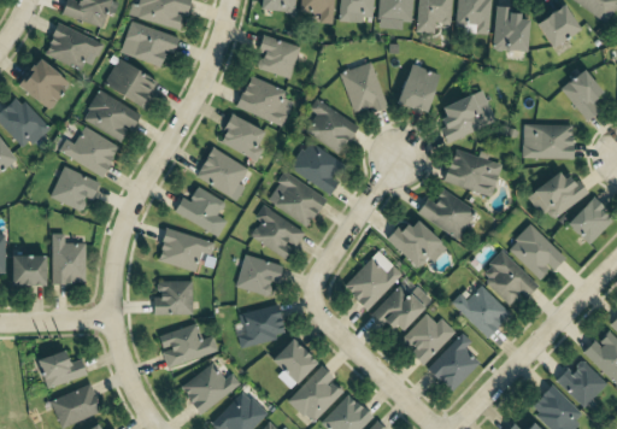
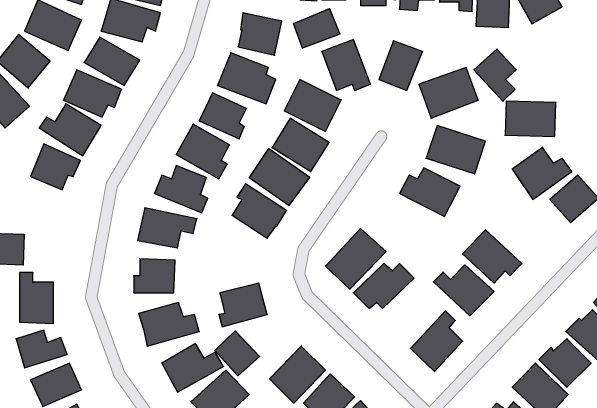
building: none -> [293,9,340,48]
building: [559,69,601,121] -> [474,49,516,101]
building: [389,216,446,268] -> none
building: [507,223,565,280] -> none
building: [52,233,86,283] -> [20,273,53,324]
building: [235,253,283,296] -> none
building: [404,312,456,365] -> none
building: [271,339,316,383] -> [215,331,260,376]

